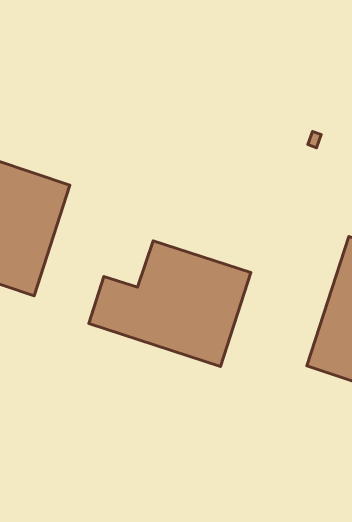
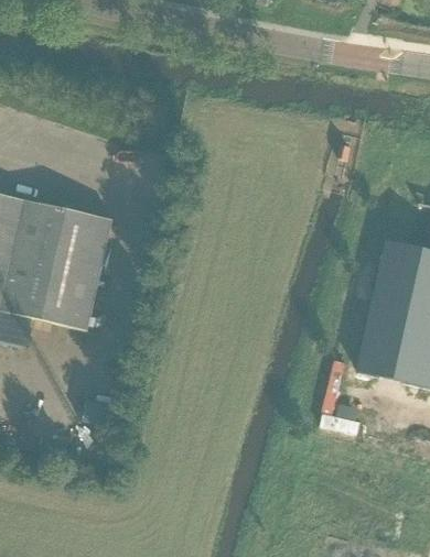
building: [89,241,251,367] -> none

